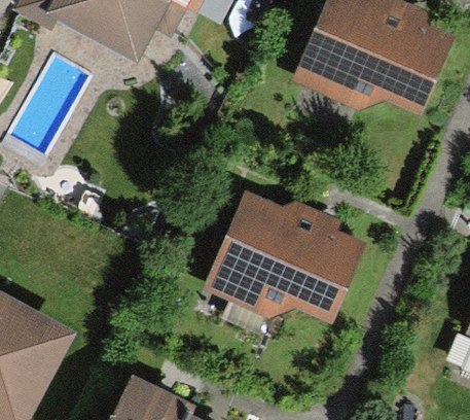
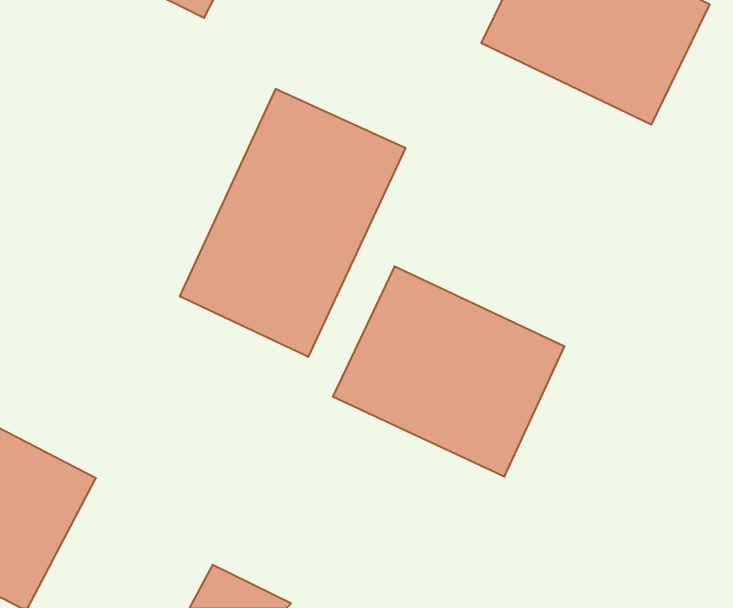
building: none -> [180,89,406,357]

